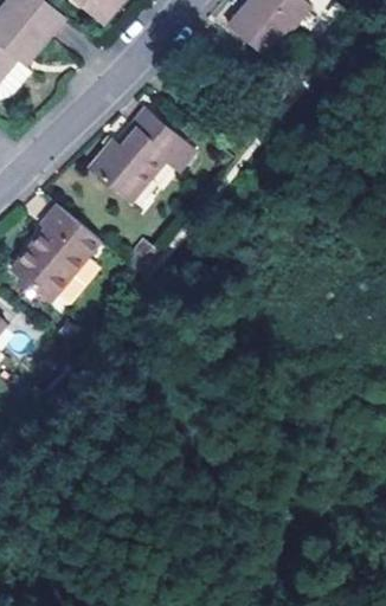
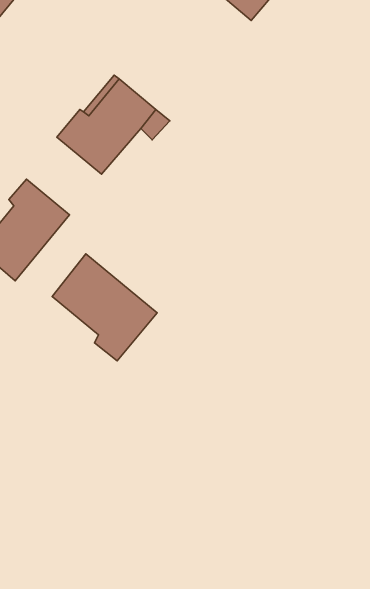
building: none -> [52,254,157,361]

